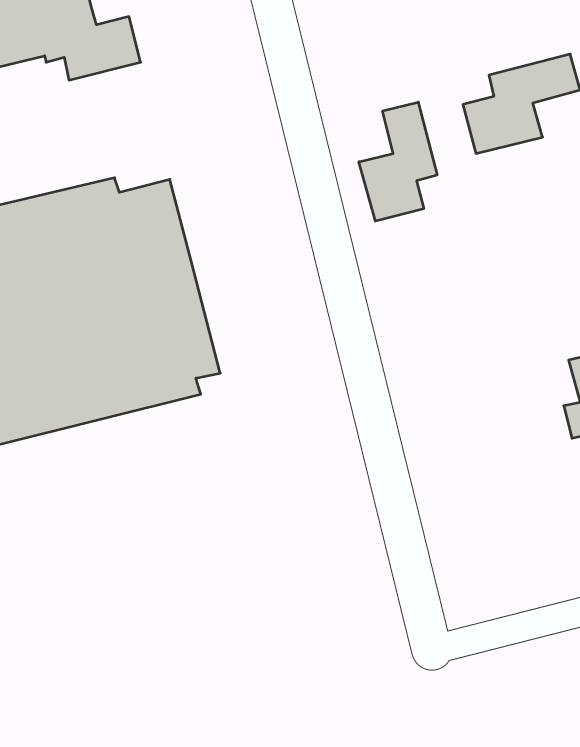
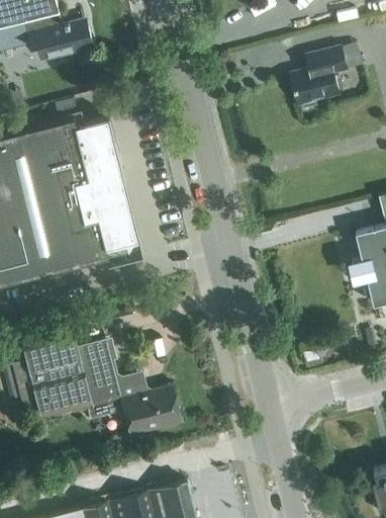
building: [359,102,437,221] -> none
building: none -> [12,329,182,436]

